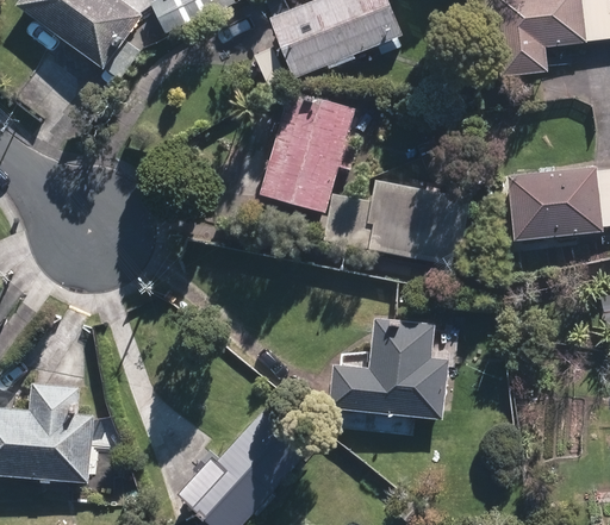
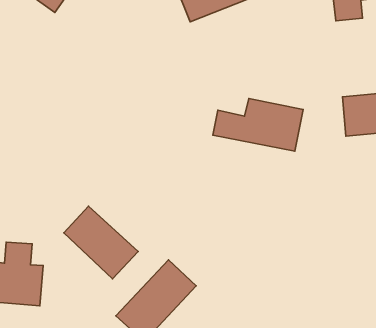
building: [274,102,346,201] -> none
building: [337,323,442,413] -> none
building: none -> [64,206,138,279]

